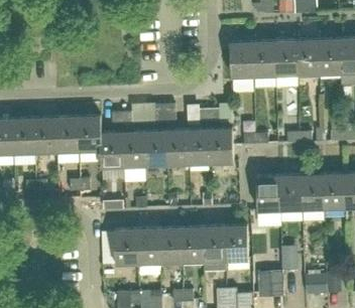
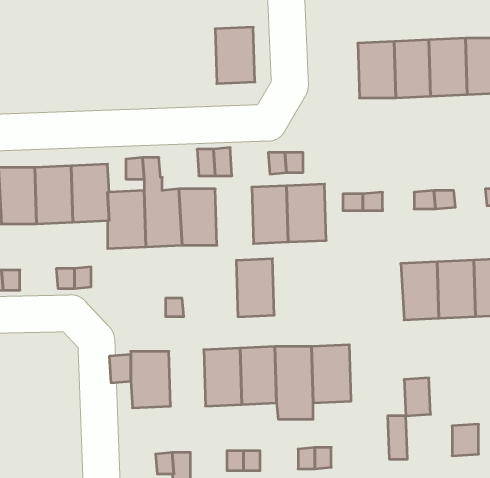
building: [230,42,254,76] -> [215,27,255,84]
building: [166,130,190,165] -> [236,259,274,317]
building: [257,176,281,210] -> none
building: [138,228,160,263] -> none

